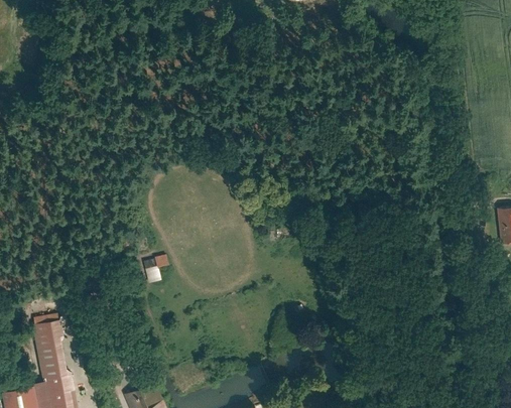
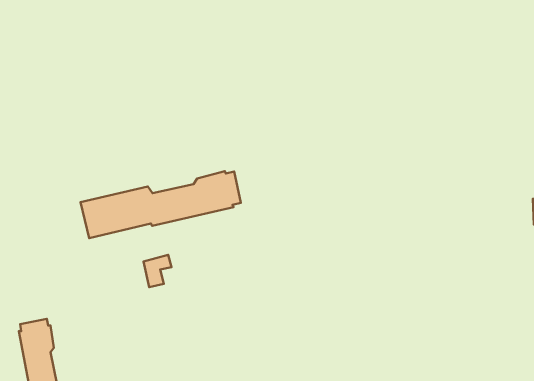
building: none -> [81,171,241,238]

